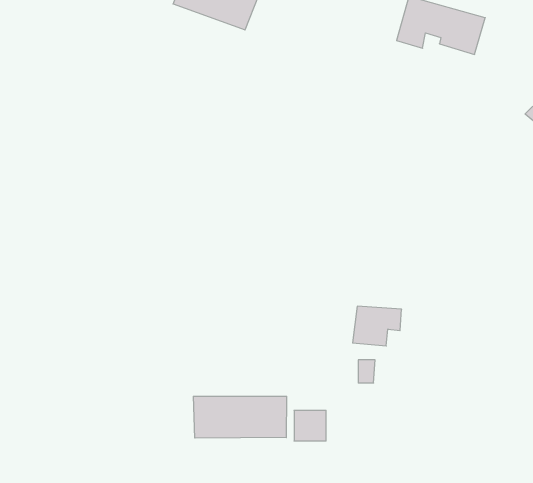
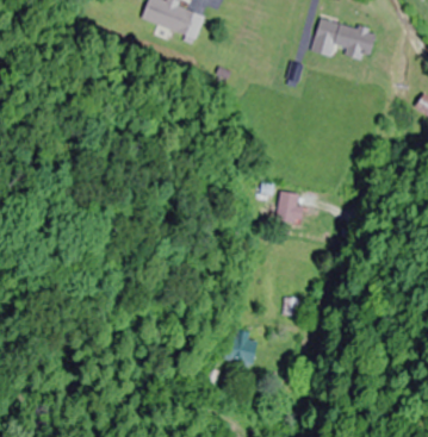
building: [353,306,402,346] -> [278,192,316,223]
building: [193,396,287,438] -> none

